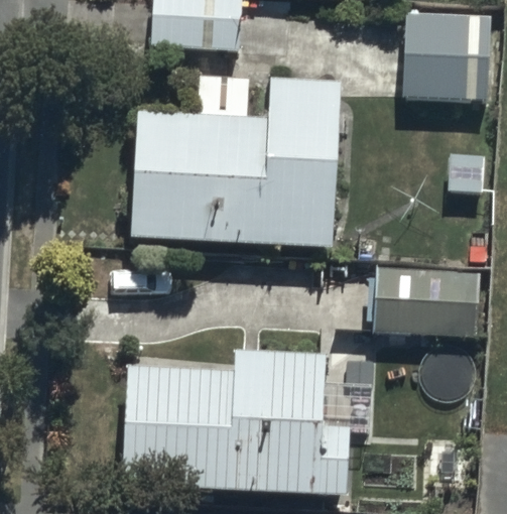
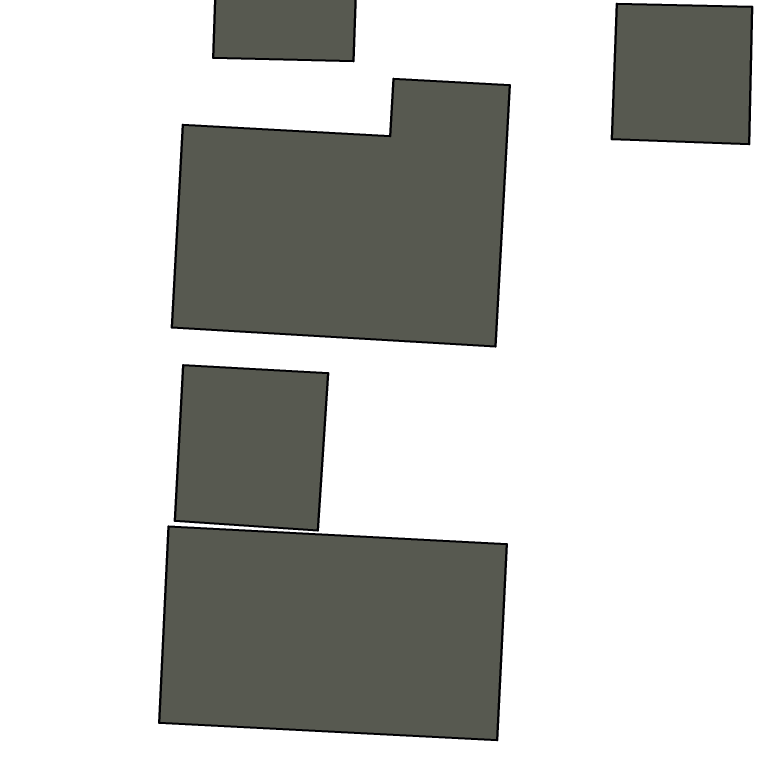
building: none -> [175,365,328,530]
building: [380,280,476,345] -> none

